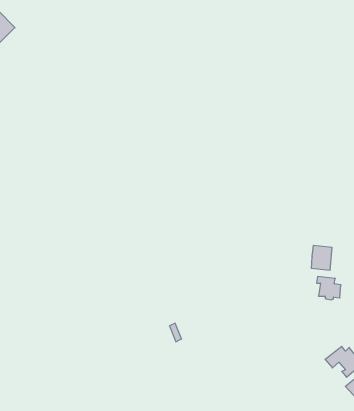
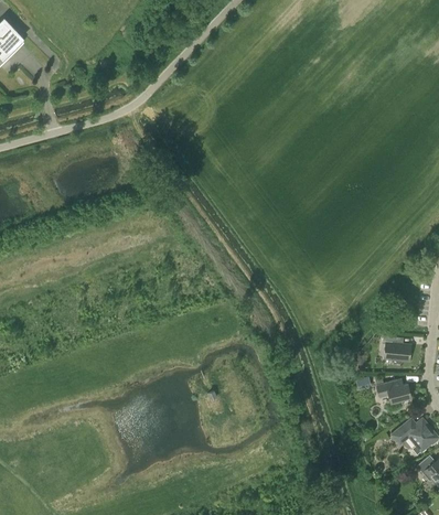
building: [311,245,332,270] -> none
building: none -> [376,378,410,403]

